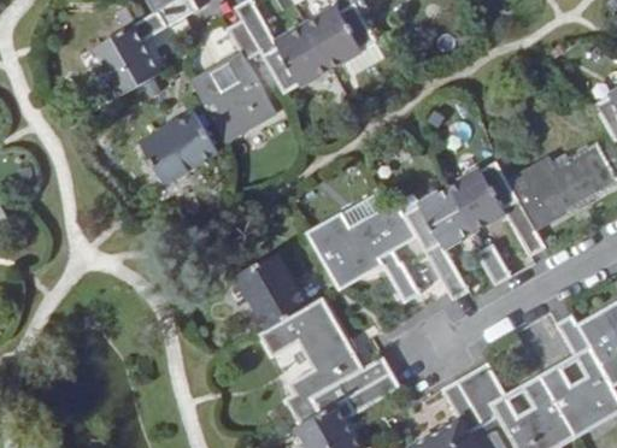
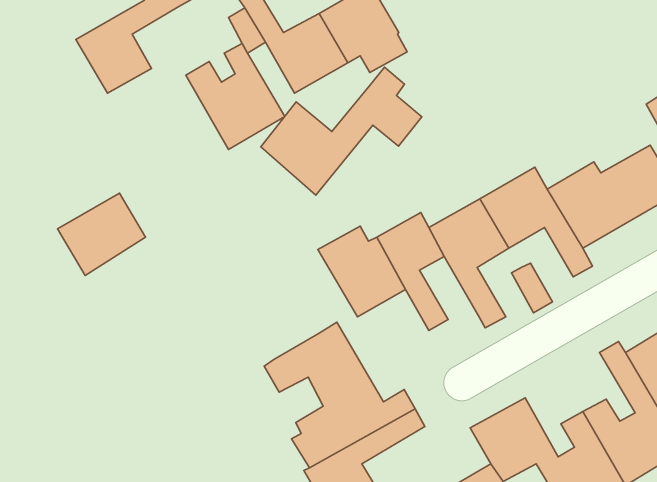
building: none -> [261,67,422,195]
building: [140,112,217,184] -> [58,193,146,276]
building: [236,250,307,328] -> none

